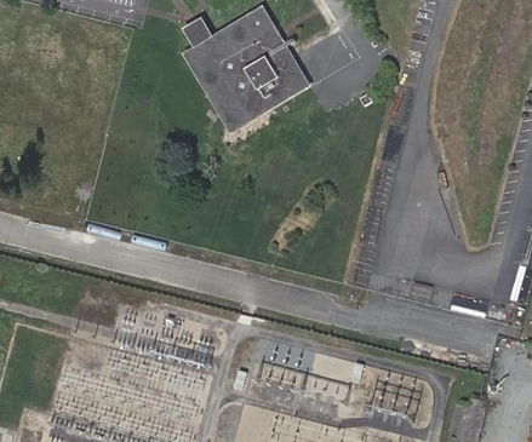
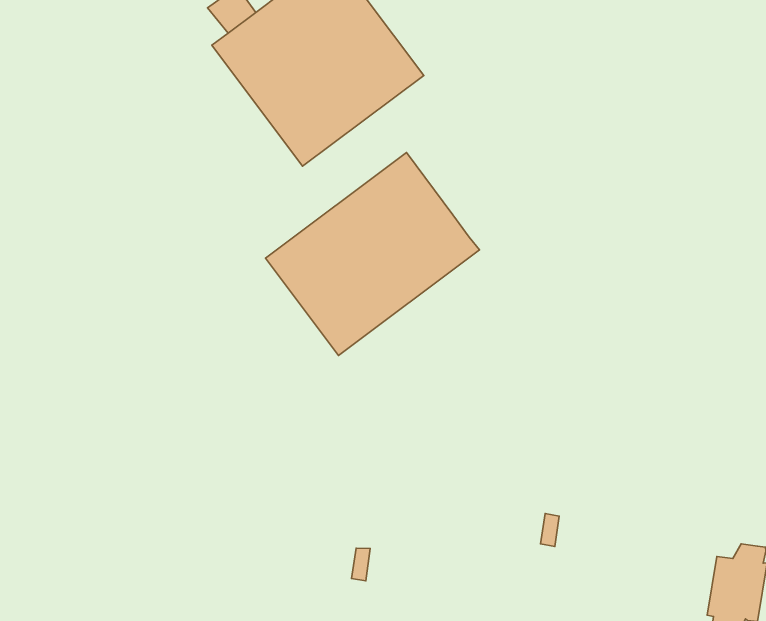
building: none -> [266,153,479,355]

